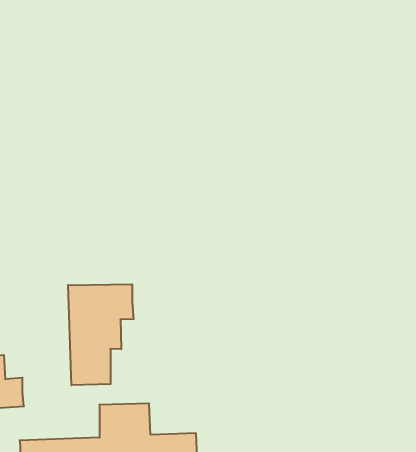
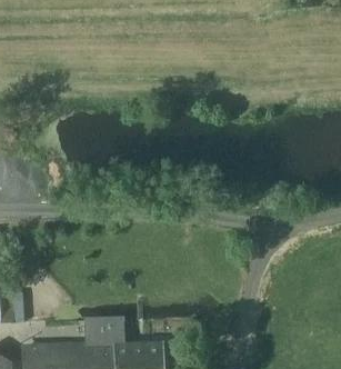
building: [68,284,133,385] -> none

